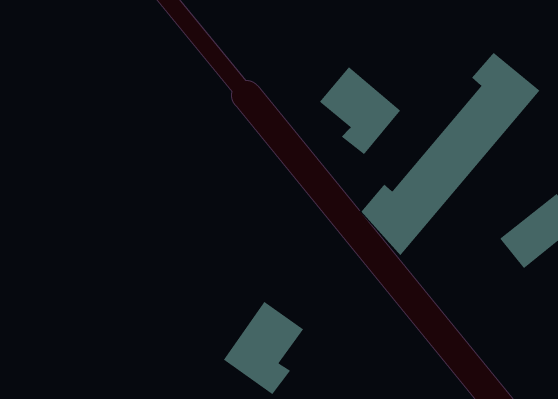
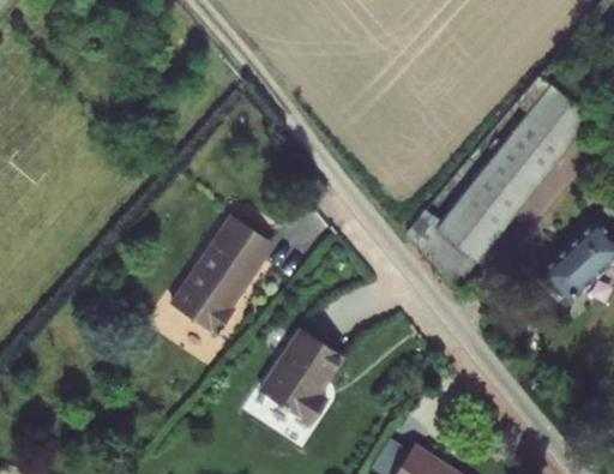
building: [319,66,401,155] -> none
building: none -> [171,216,264,334]

